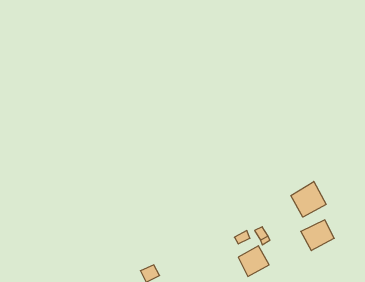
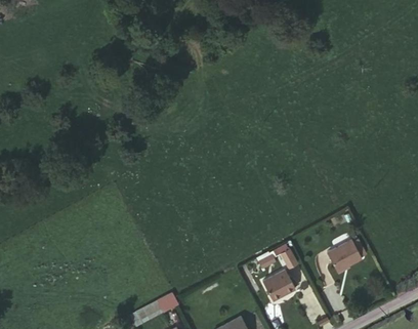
building: [291,181,326,217] -> none

